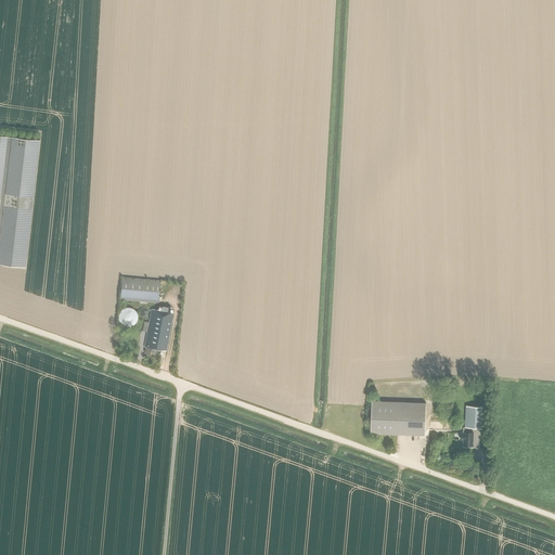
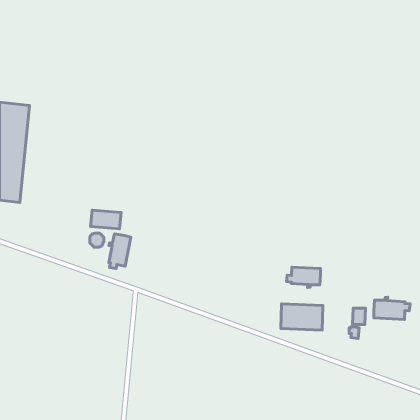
building: none -> [287,267,321,288]
building: none -> [374,297,410,319]

